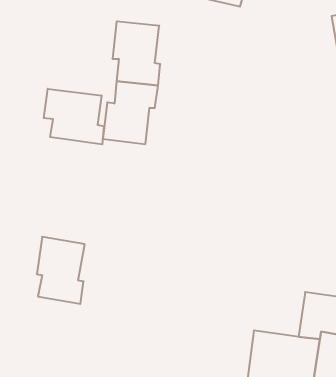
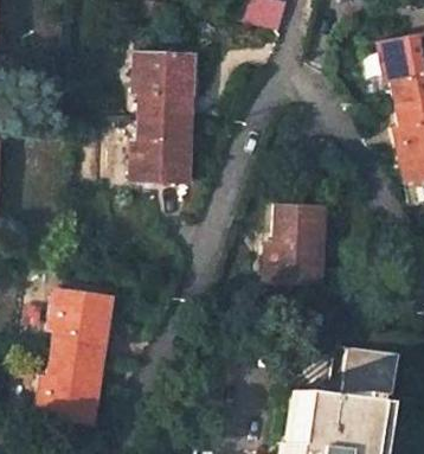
building: [44,89,104,144] -> none
building: none -> [268,205,325,287]
building: none -> [40,353,103,426]

